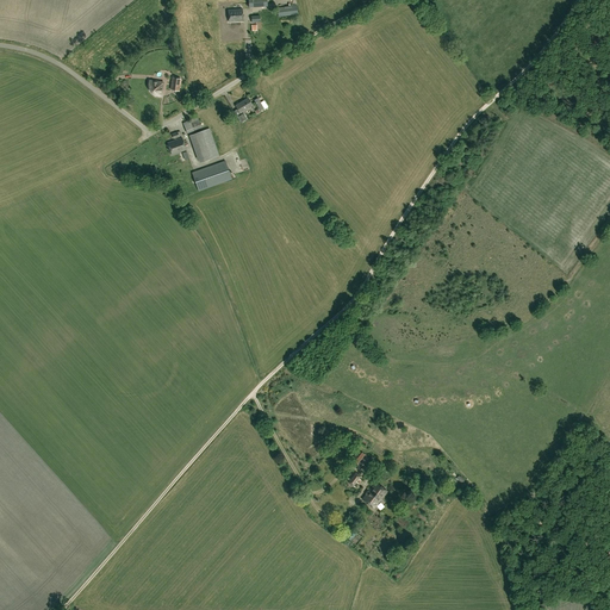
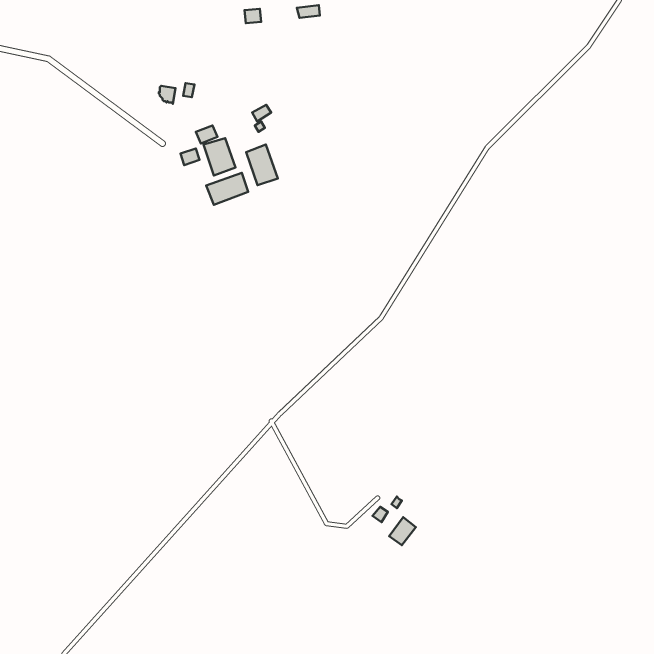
building: none -> [246,145,278,185]

